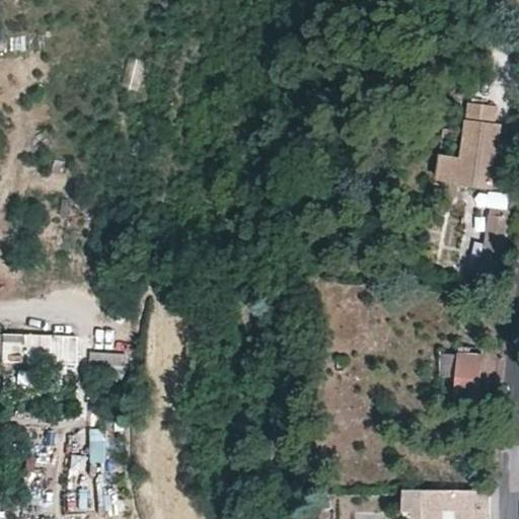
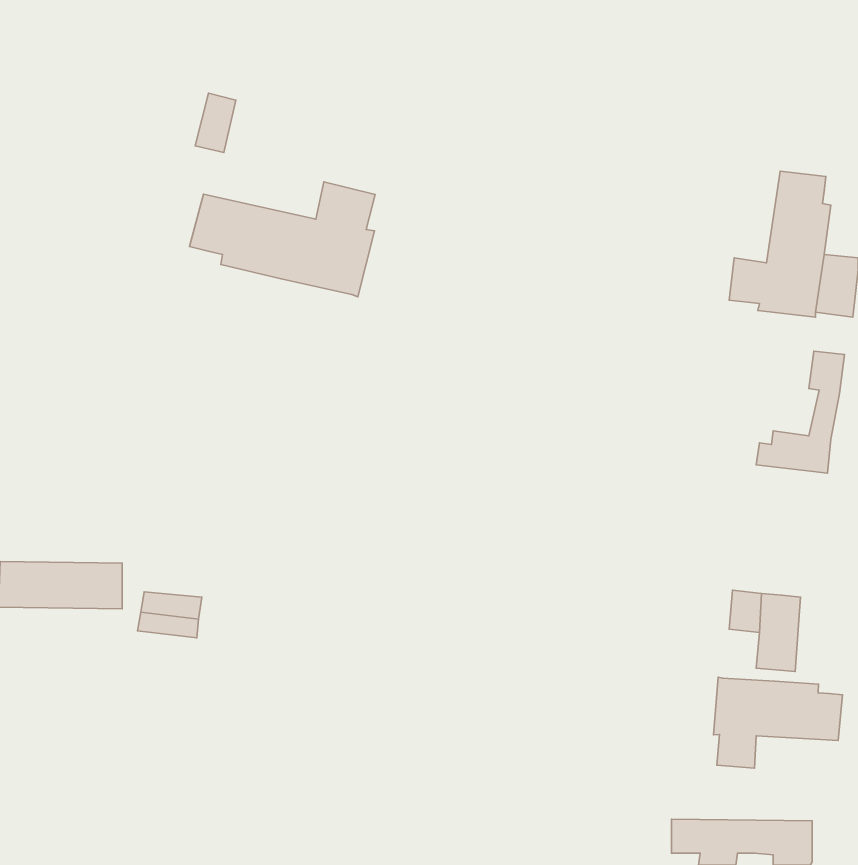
building: none -> [190,182,375,297]
building: none -> [713,677,842,768]

